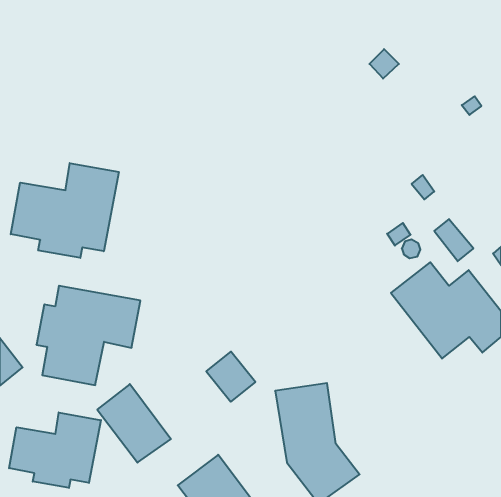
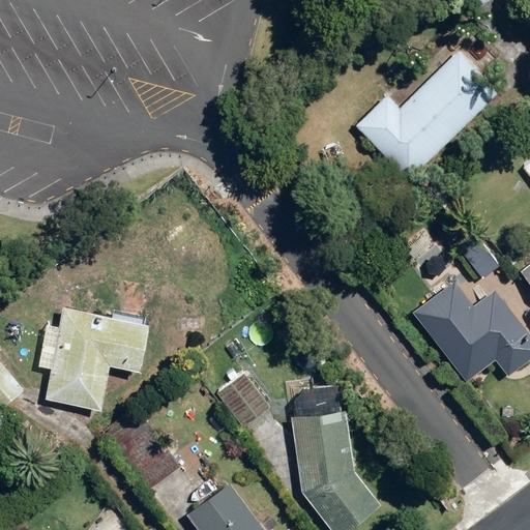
building: none -> [355,51,499,179]
building: [11,163,119,258] -> none
building: [9,412,101,488] -> none

